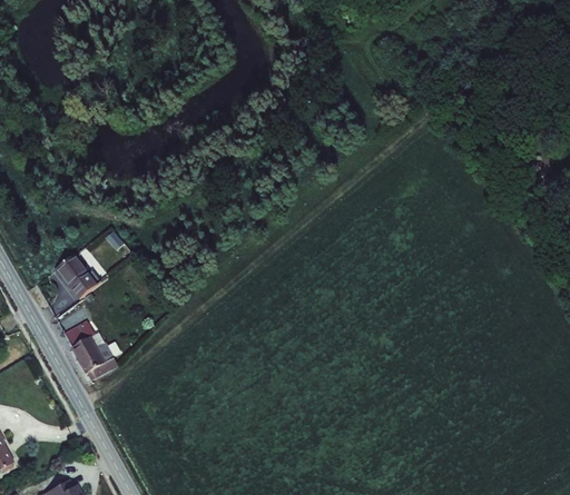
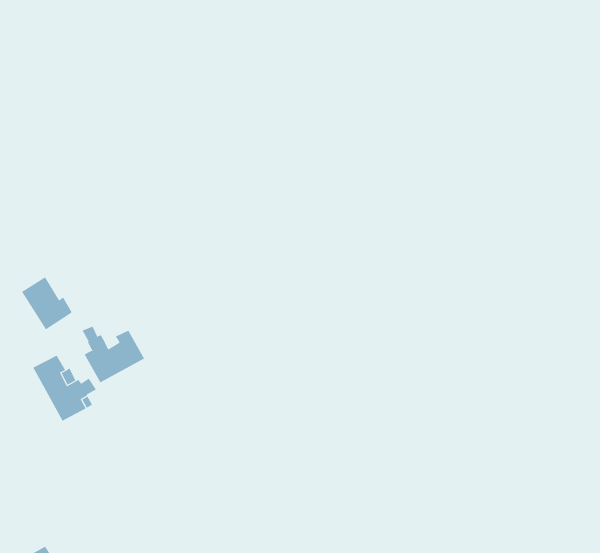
building: none -> [82,326,145,383]

